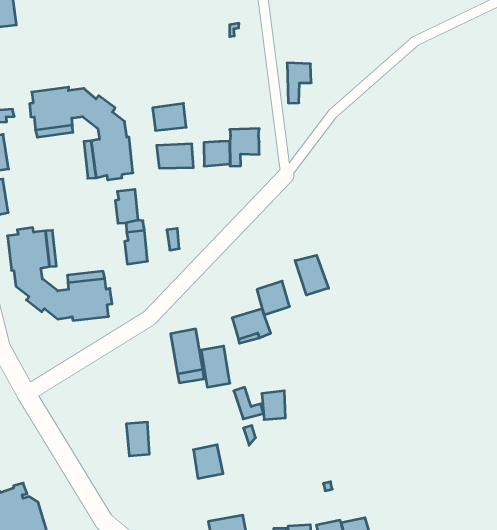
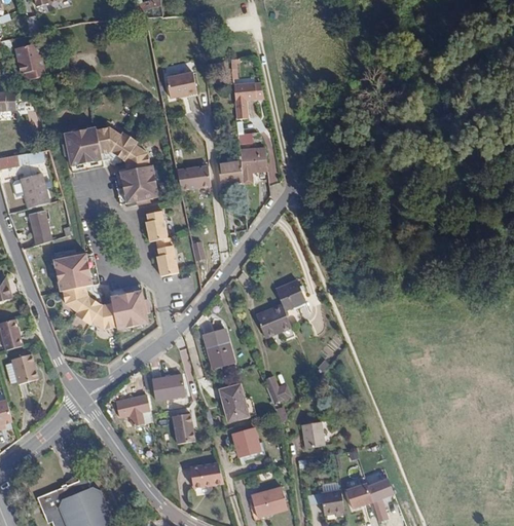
building: [287,63,311,103] -> [233,83,256,119]
building: [153,103,186,130] -> [166,72,196,98]
building: [295,255,329,295] -> none
building: [201,346,230,387] -> [220,384,248,421]
building: none -> [152,375,184,400]
building: [262,391,285,420] -> [301,421,324,448]
building: none -> [115,396,152,426]
building: none -> [189,463,223,488]

